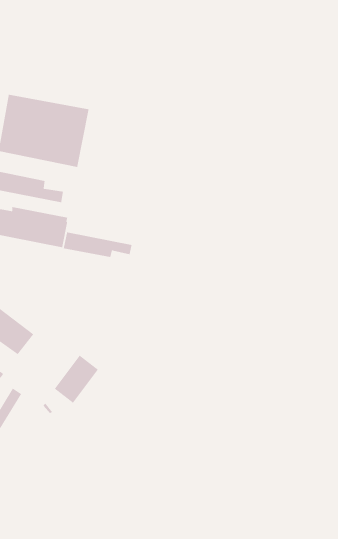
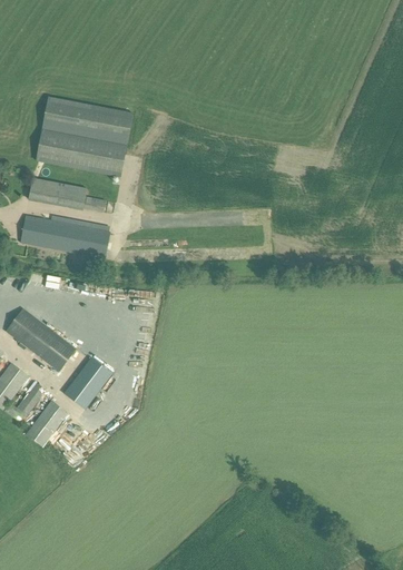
building: [63,231,132,258] -> none
building: [54,355,99,404] -> [62,358,109,410]

